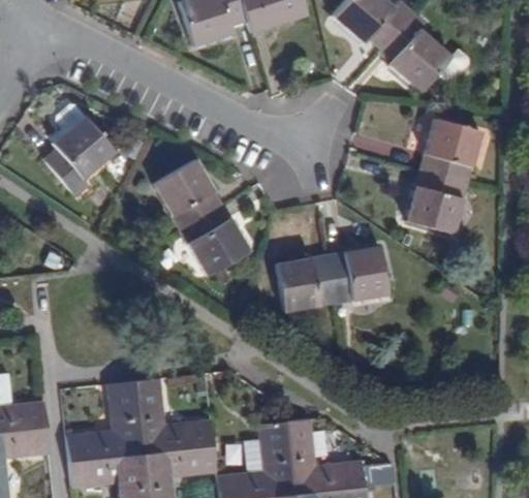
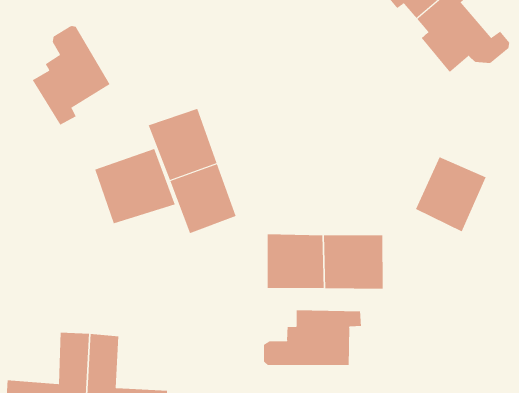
building: [421,117,479,181] -> none
building: none -> [95,148,175,224]
building: none -> [263,309,362,366]

